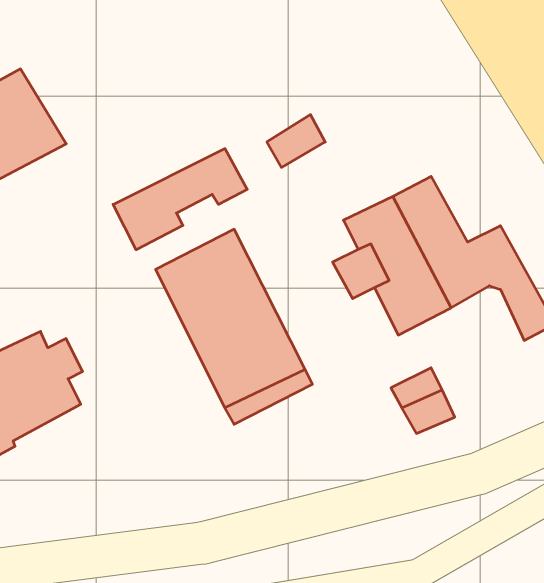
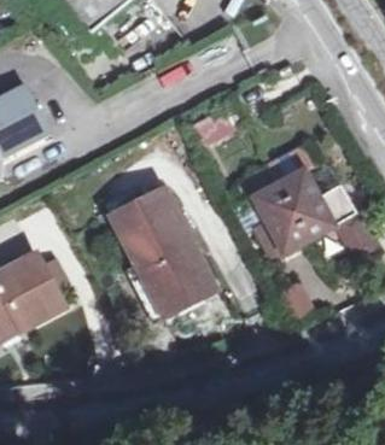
building: [113,149,247,250] -> none

